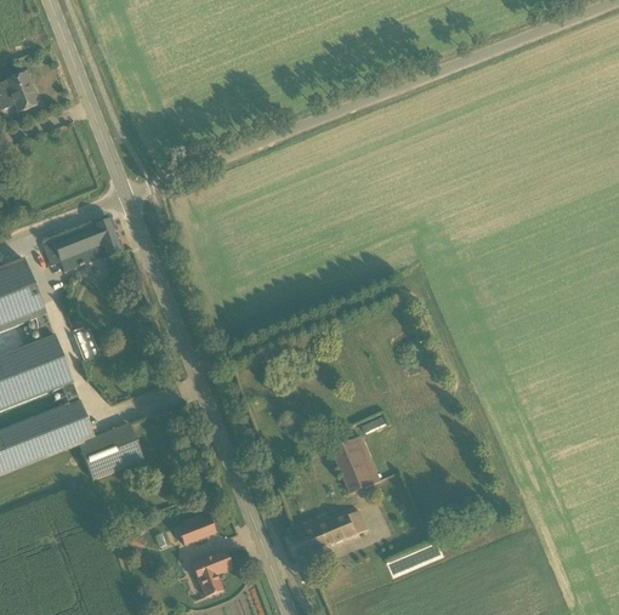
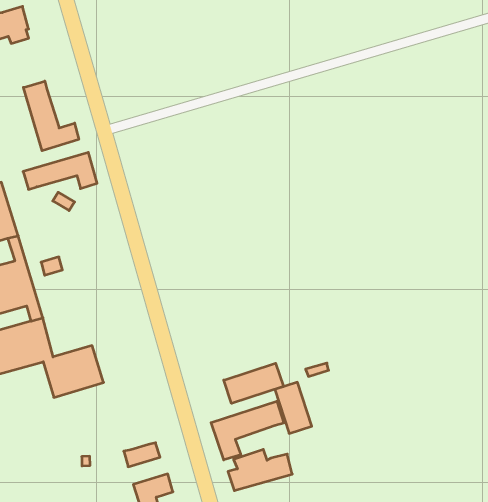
building: none -> [23,81,79,151]
building: none -> [224,363,283,403]
building: none -> [211,401,284,460]

